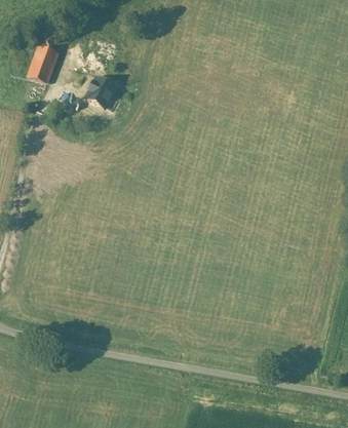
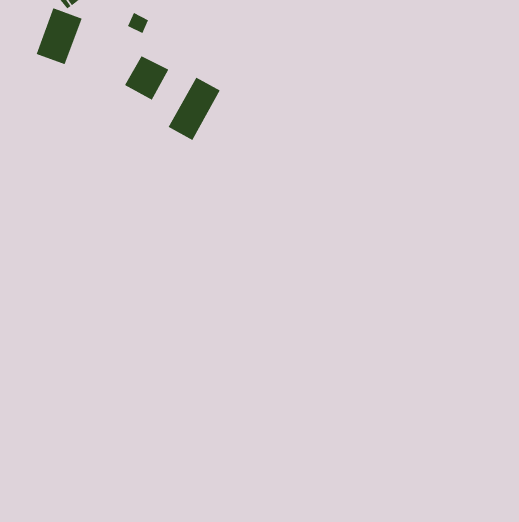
building: none -> [168,77,221,141]

